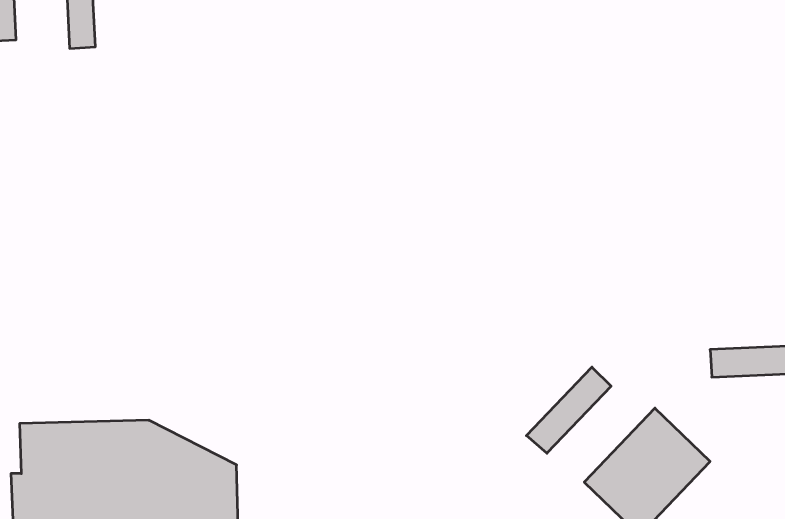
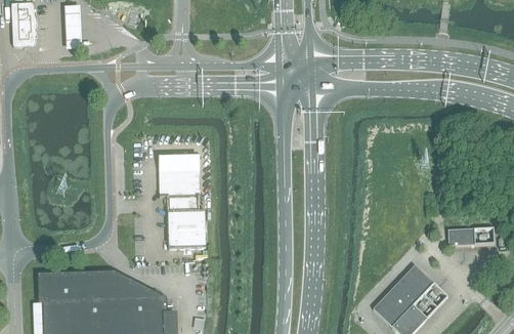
building: none -> [159,156,206,248]
building: [526,367,611,453] -> none

